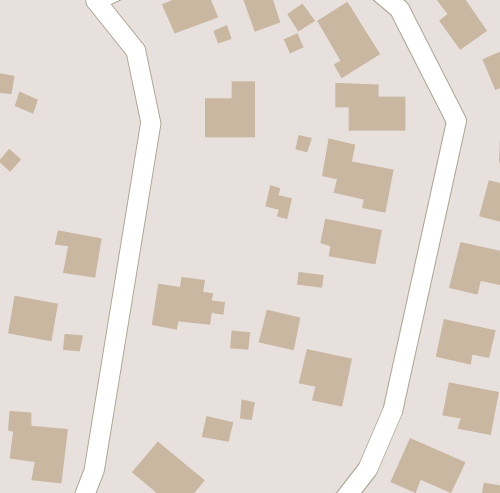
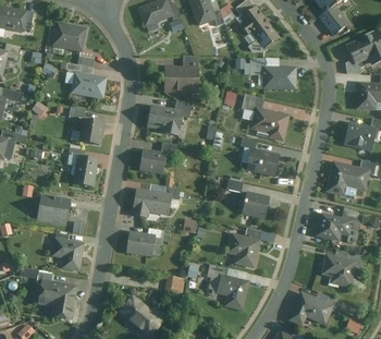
building: none -> [51,19,97,59]
building: none -> [71,72,109,97]
building: none -> [148,99,194,136]
building: none -> [71,114,105,144]
building: none -> [139,147,175,174]
building: [258,309,301,351] -> [242,192,270,219]
building: none -> [126,228,165,258]
building: none -> [51,235,86,270]
building: none -> [217,274,250,311]

